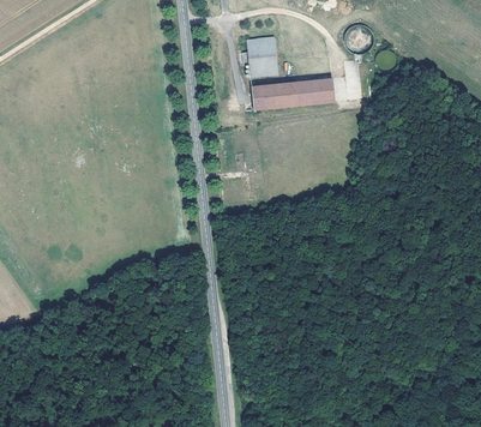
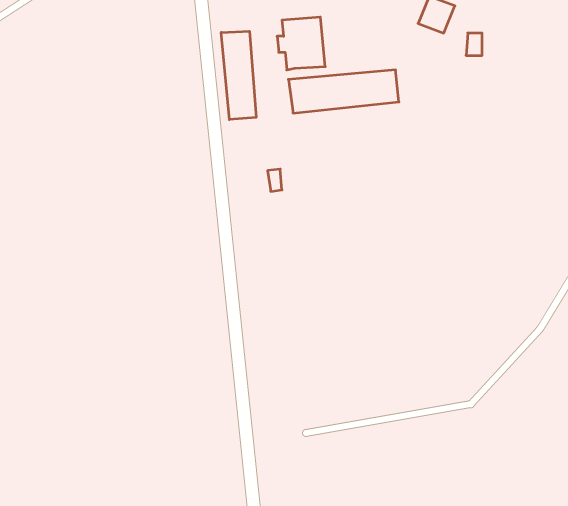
building: none -> [221,31,256,120]

